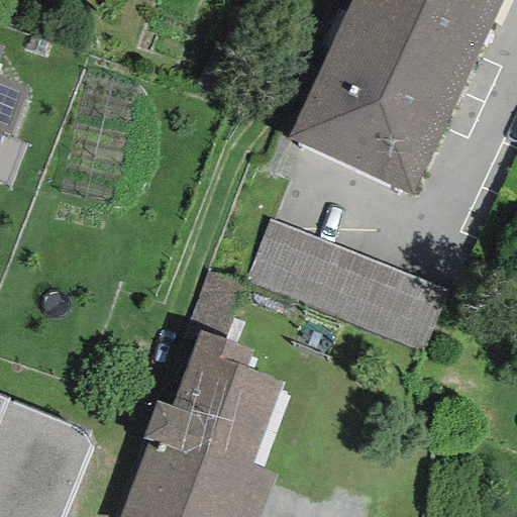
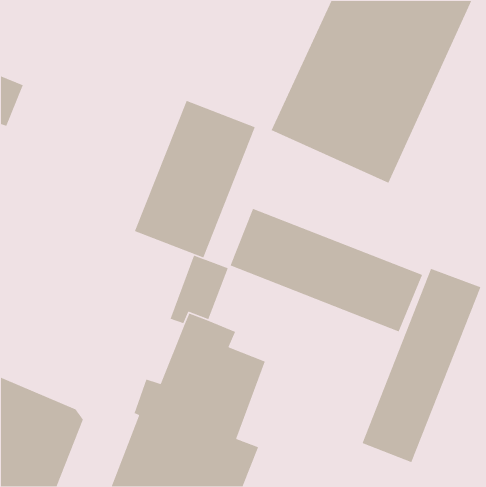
building: none -> [134,100,256,258]
building: none -> [362,268,482,463]

